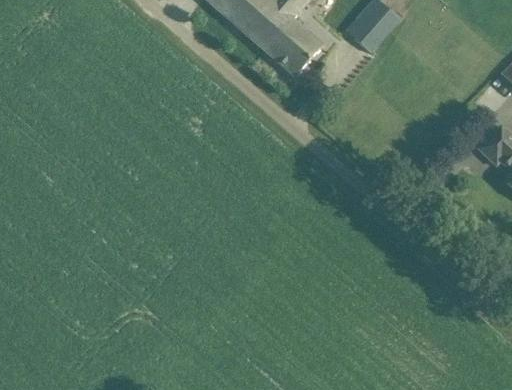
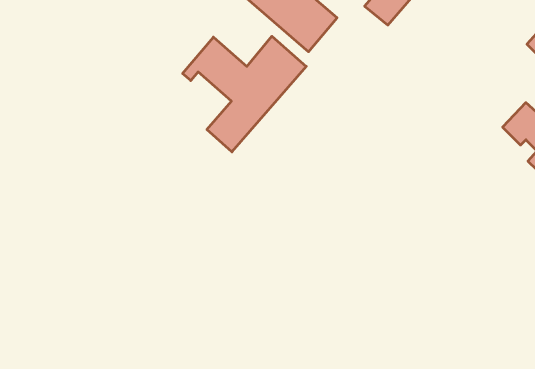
building: none -> [183,36,306,152]

